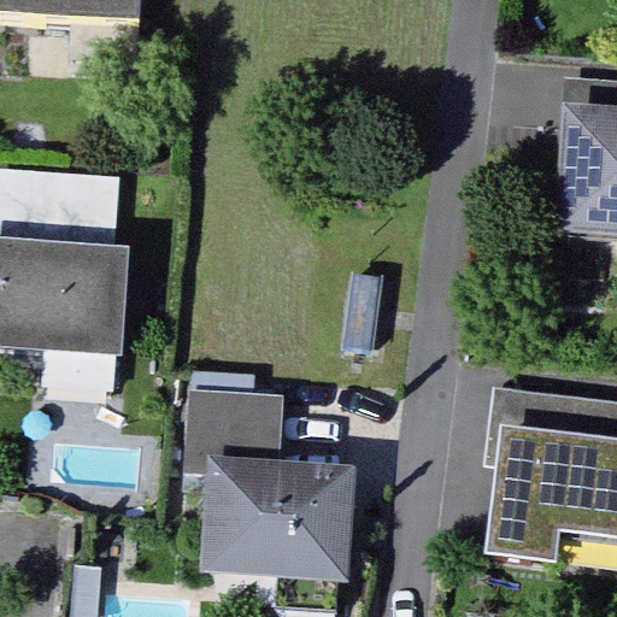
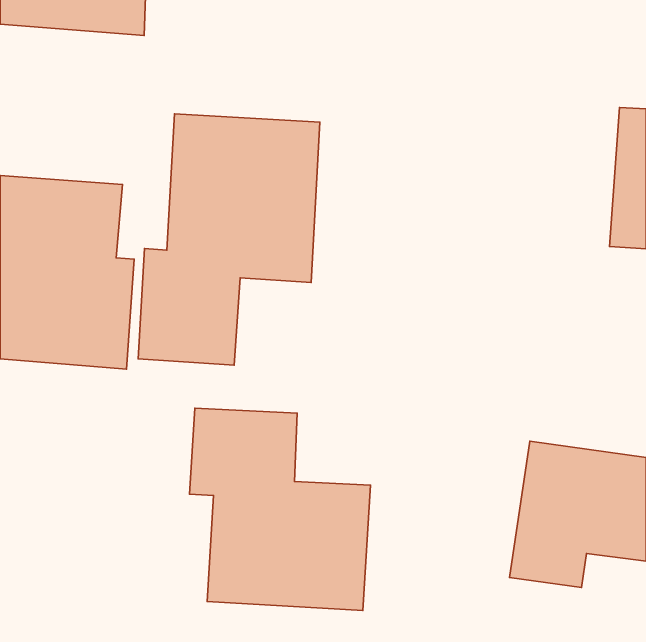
building: none -> [138,114,320,365]

